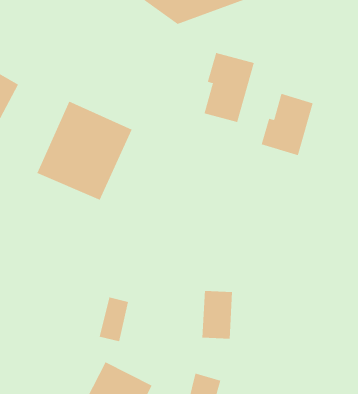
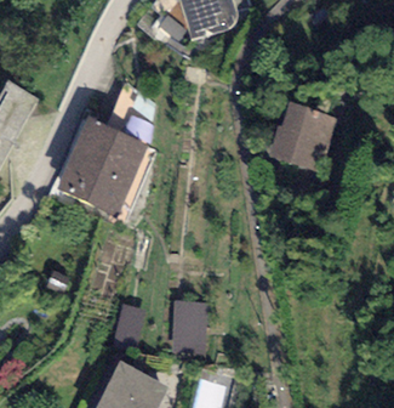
building: [204,52,255,123] -> none
building: [202,291,233,339] -> [173,304,204,351]

